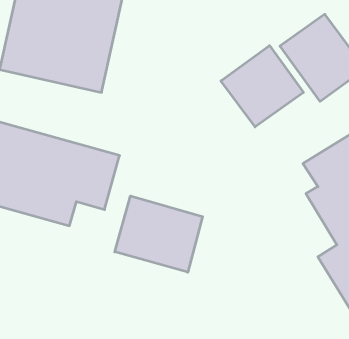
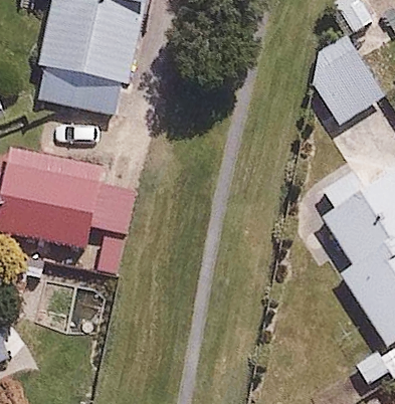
building: [221,46,303,127] -> none
building: [115,196,203,272] -> none

